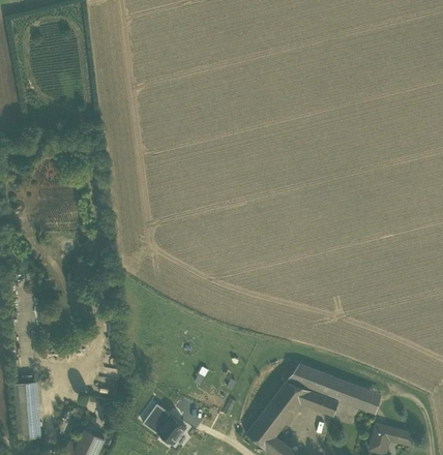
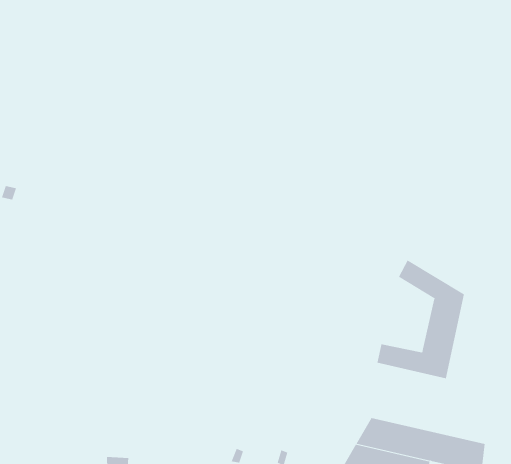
building: none -> [377,260,465,379]

